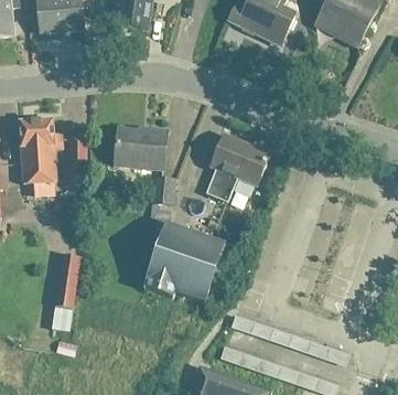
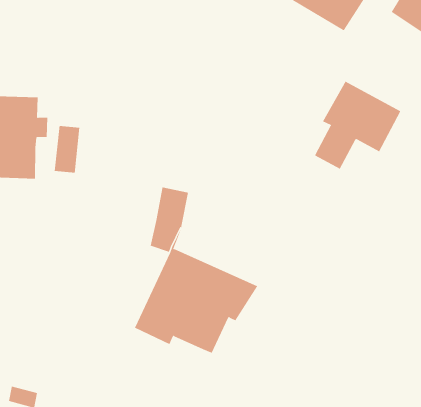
building: [115,128,166,170] -> none
building: [207,135,270,203] -> [314,81,401,170]
building: [55,255,80,309] -> none

